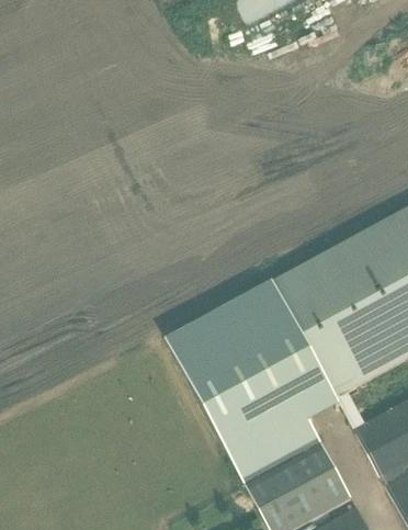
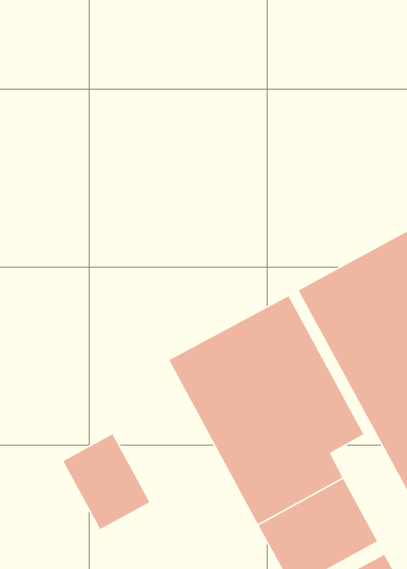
building: none -> [62,433,150,530]

